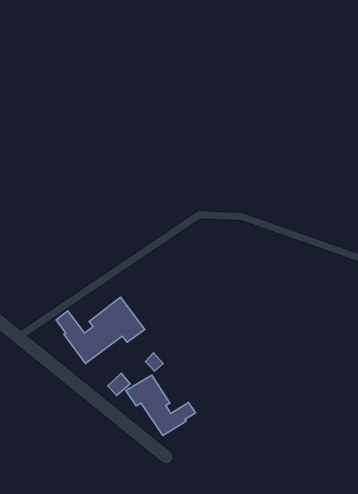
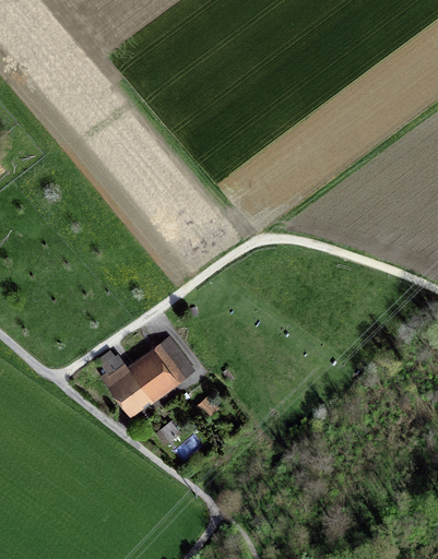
building: [126,375,195,435] -> none

